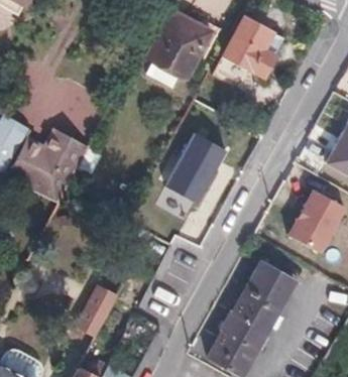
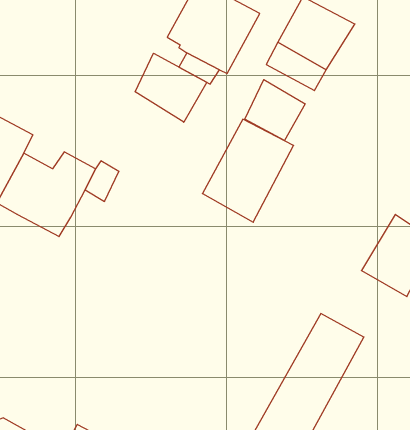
building: none -> [135,53,207,122]
building: none -> [245,80,305,141]
building: [75,292,114,339] -> none

